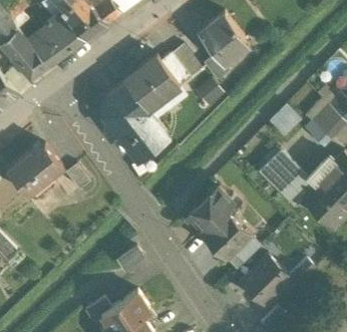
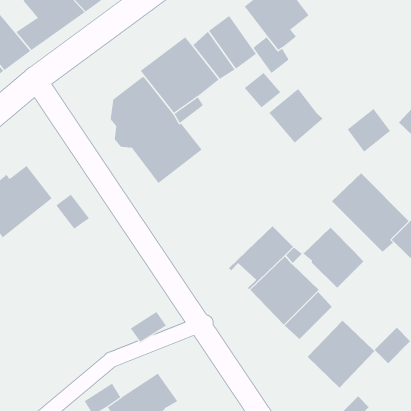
building: none -> [268,88,323,143]
building: none -> [302,227,364,288]

